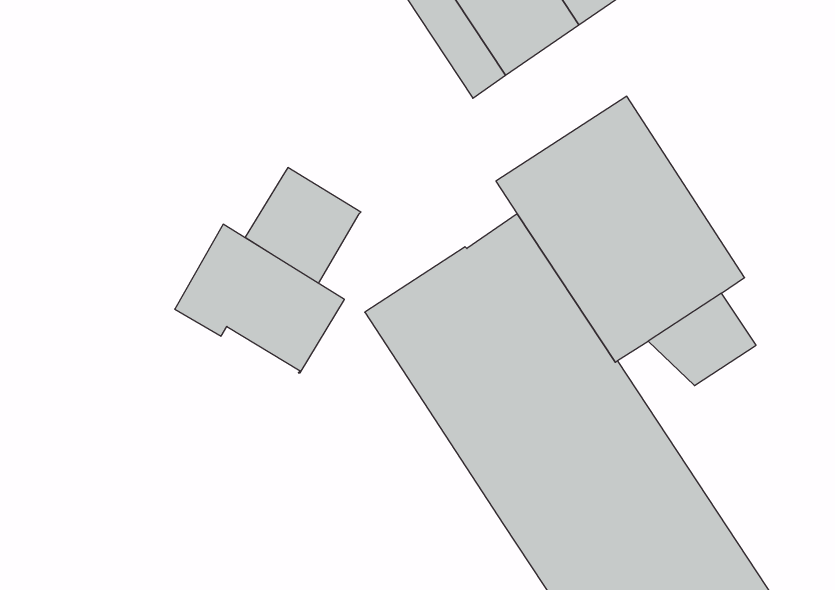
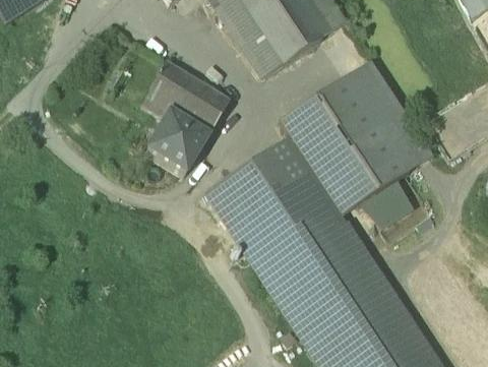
building: none -> [346,62,431,173]
building: [175,224,344,373] -> [139,61,229,139]

